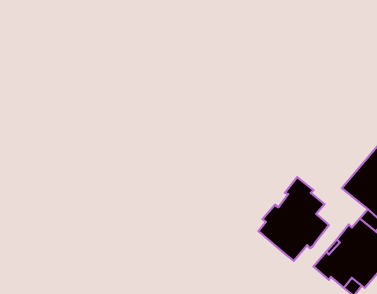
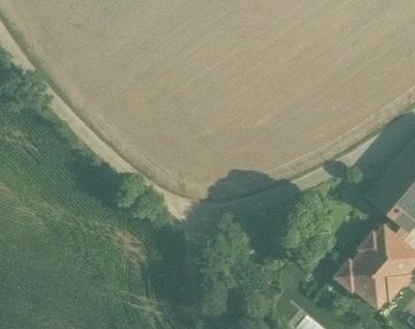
building: [259,177,329,261] -> none

